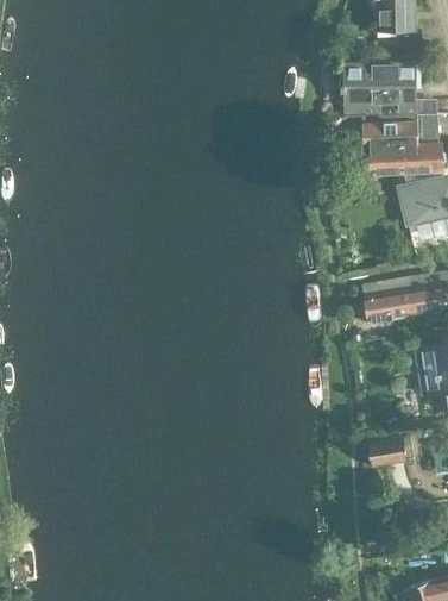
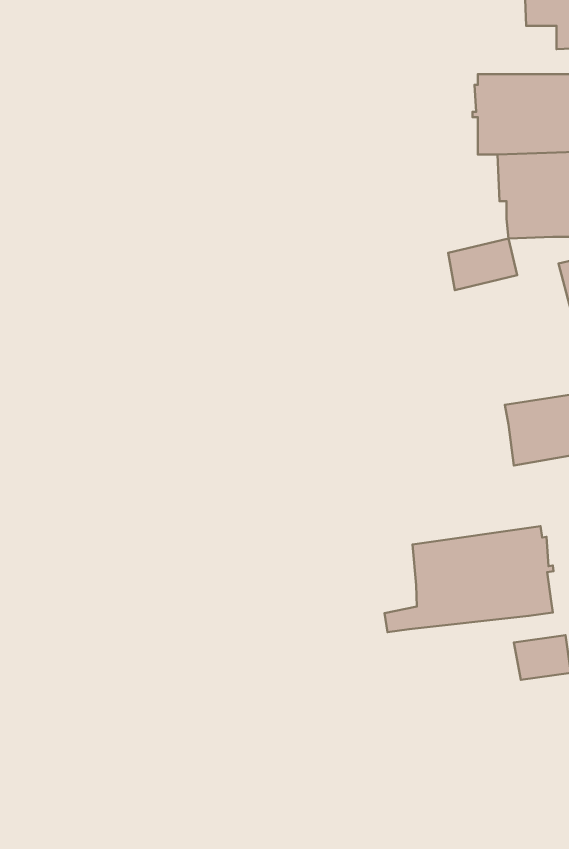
building: none -> [448,239,517,290]
building: none -> [385,526,554,632]

